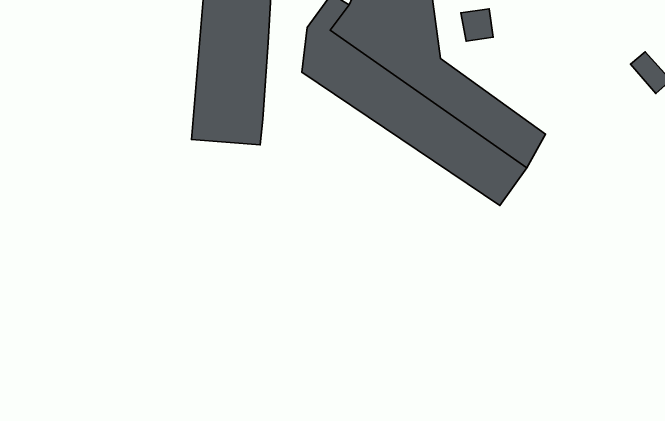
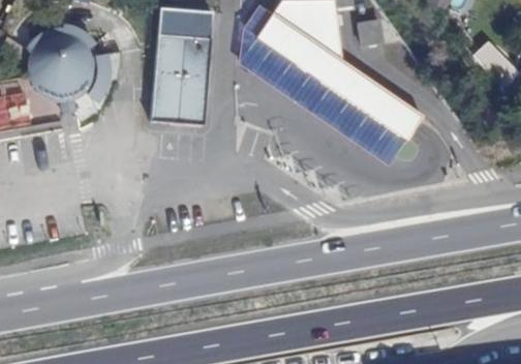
building: none -> [25,22,109,109]

